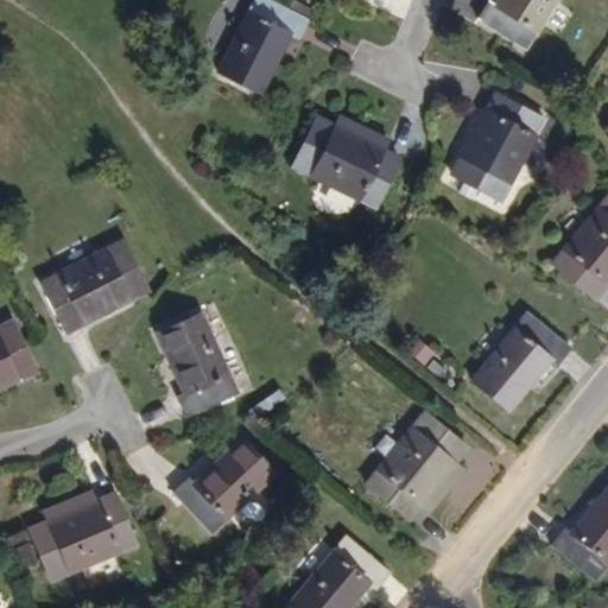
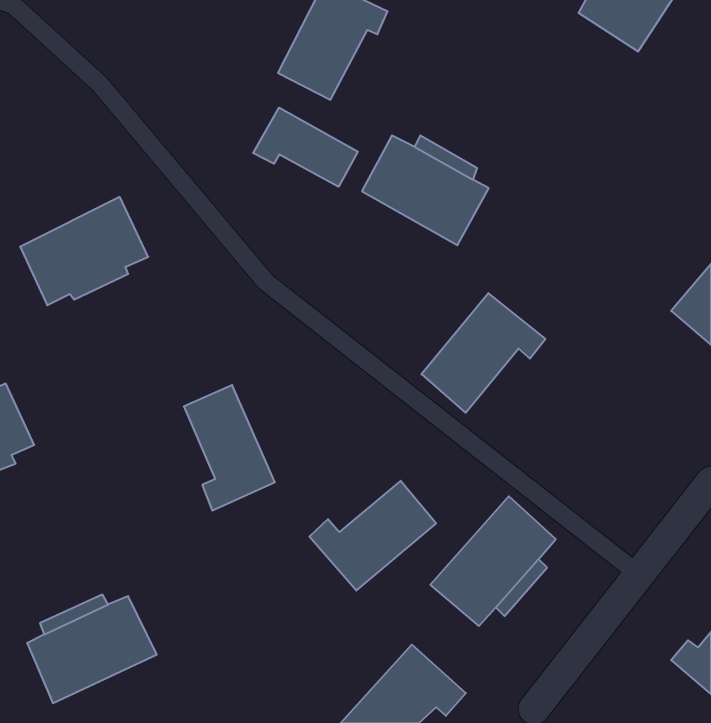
building: none -> [253,108,358,187]
building: [462,90,551,197] -> none
building: [37,241,144,331] -> [20,197,148,305]
building: [475,310,578,410] -> [421,293,545,413]
building: [158,441,264,532] -> [309,481,436,591]

